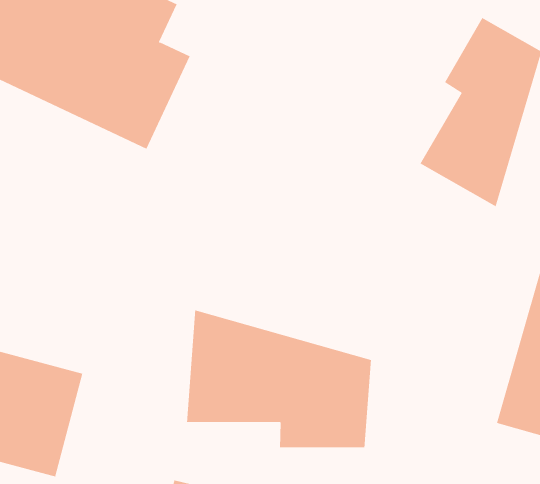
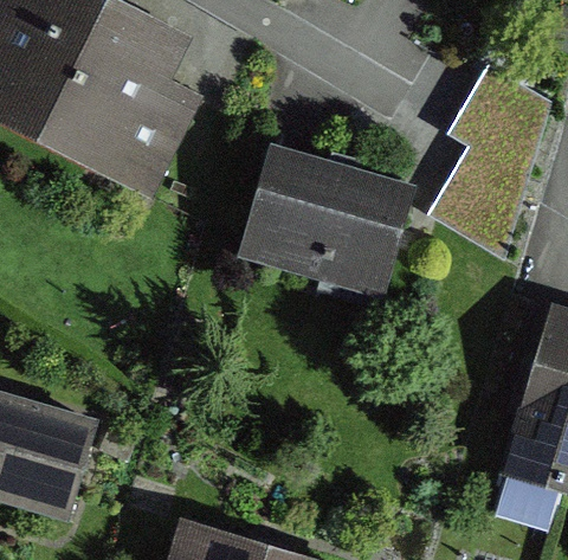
building: none -> [247,150,405,289]
building: [187,309,371,448] -> none

